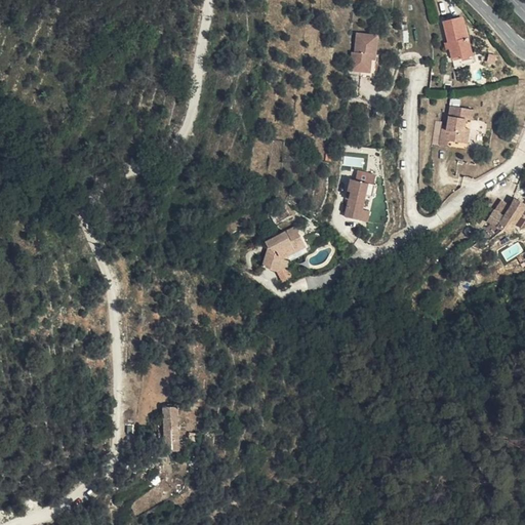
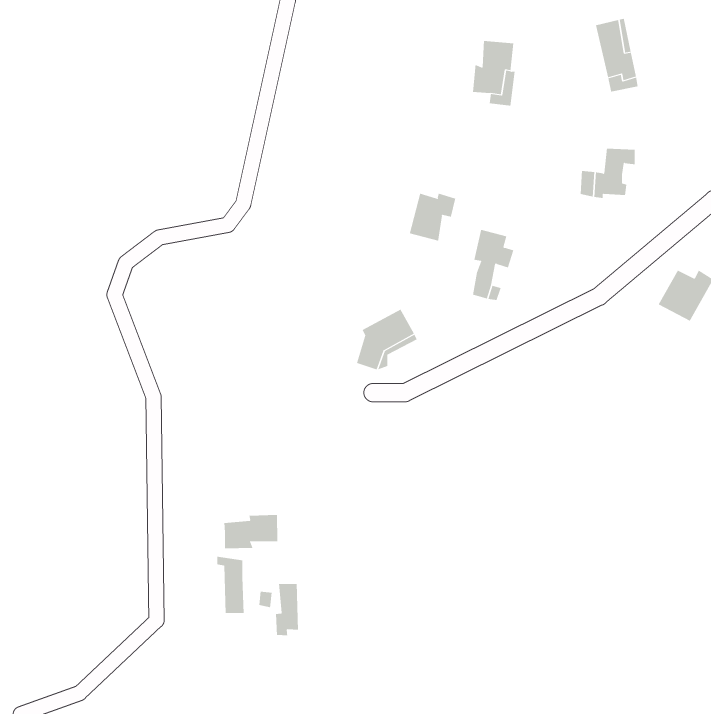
building: none -> [409,193,456,241]
building: none -> [224,514,278,549]
building: none -> [276,583,299,636]

